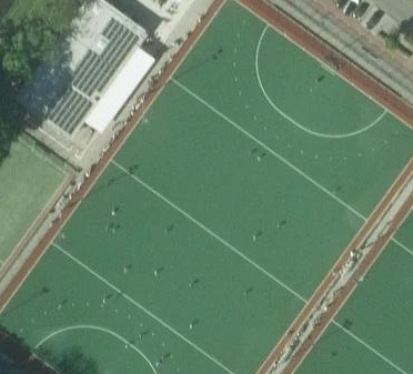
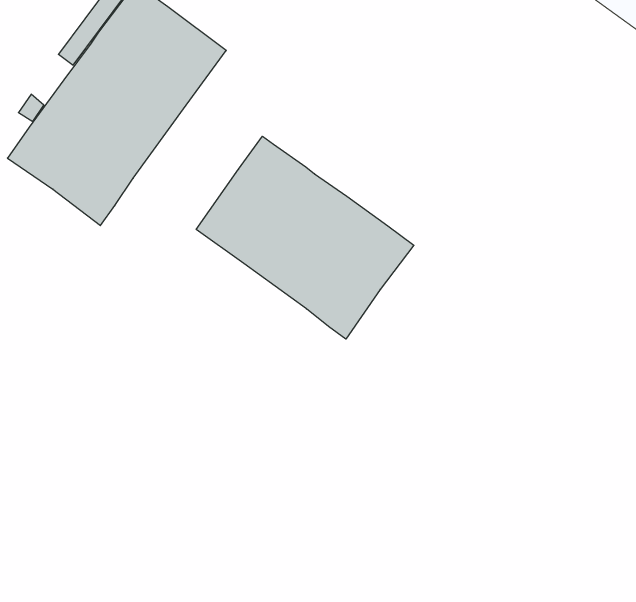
building: none -> [196,136,414,339]

